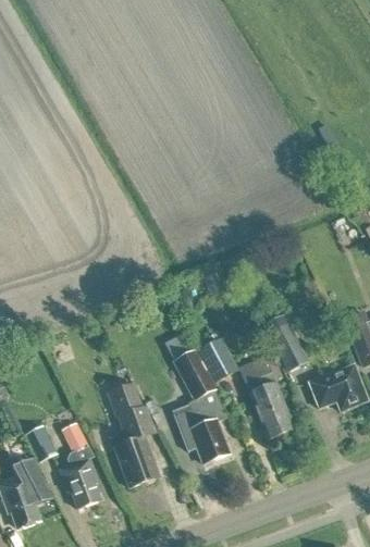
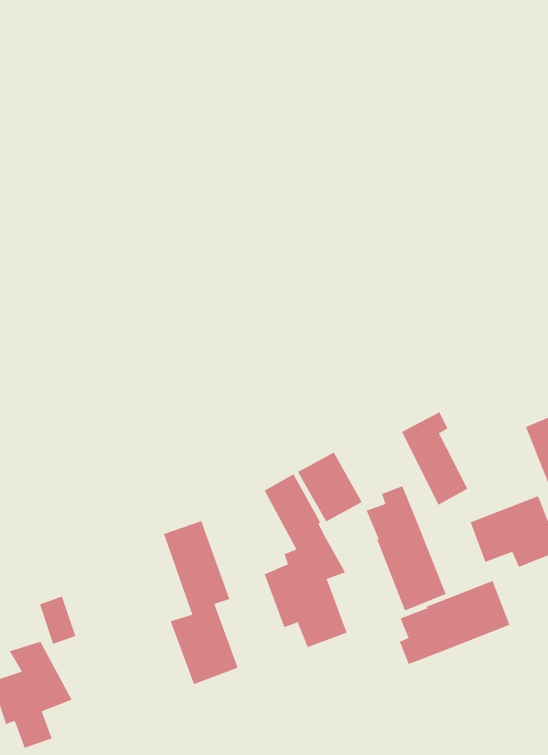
building: none -> [399,580,510,665]
building: [60,421,100,507] -> none

